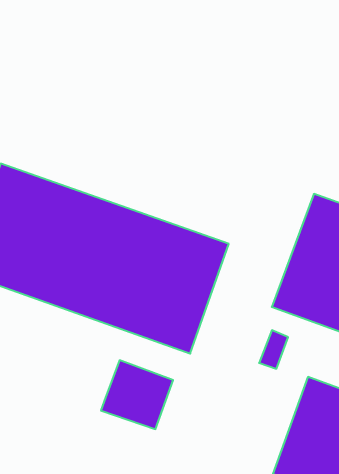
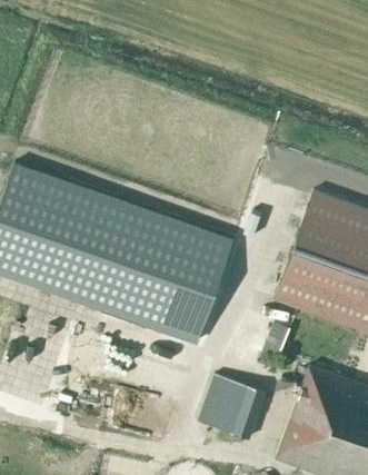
building: [101,360,173,429] -> [197,374,266,439]

